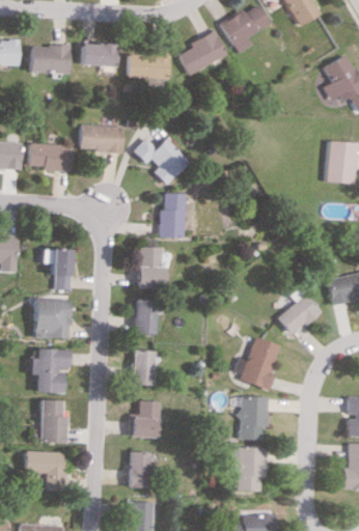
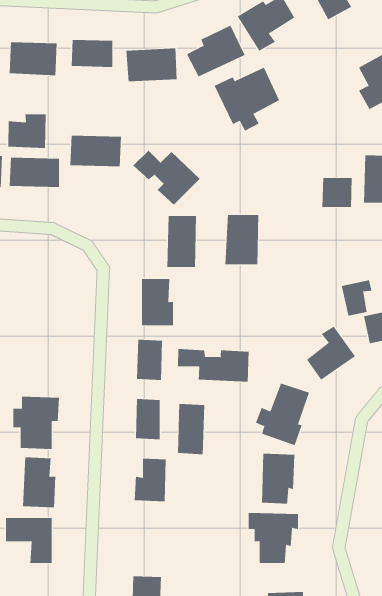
building: none -> [214,67,280,131]
building: none -> [8,114,46,149]
building: none -> [322,177,352,208]
building: none -> [225,214,259,265]
building: none -> [341,280,372,317]
building: [52,249,72,290] -> none
building: [33,298,71,338] -> none
building: none -> [177,348,249,382]
building: none -> [177,403,205,455]
building: [131,451,153,487] -> none

